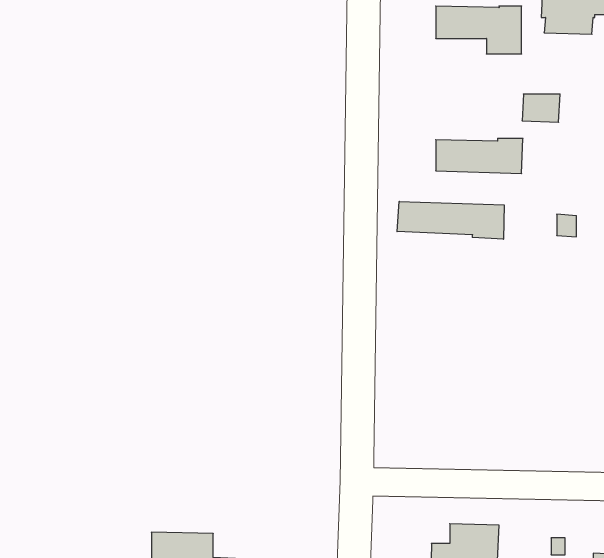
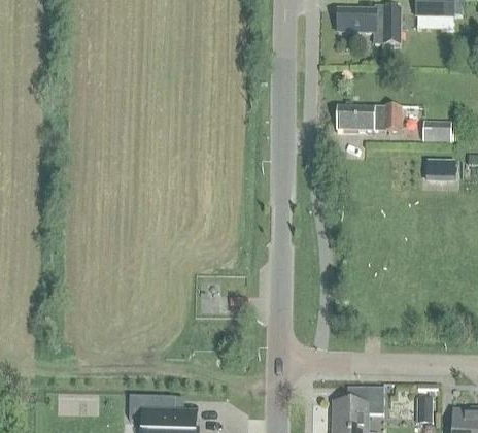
building: [522,94,560,122] -> [422,120,450,140]
building: [397,201,504,239] -> none

